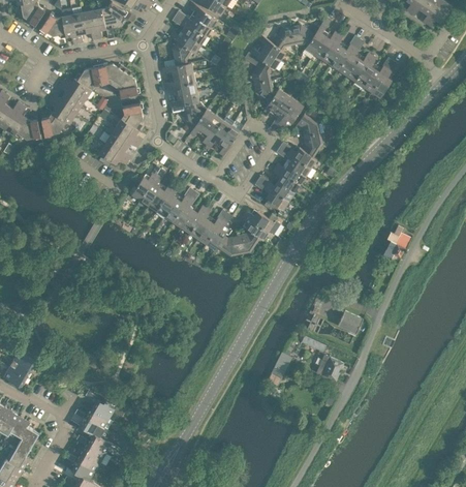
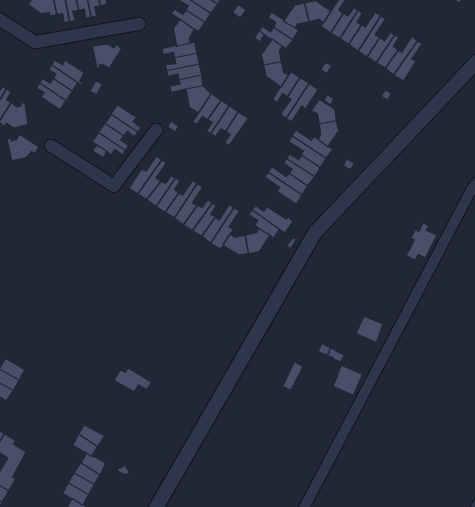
building: [73,66,102,90] -> none
building: [114,68,137,97] -> none
building: [120,103,143,130] -> none
building: [40,112,69,135] -> [7,134,39,161]
building: [91,397,125,419] -> [114,368,152,392]

